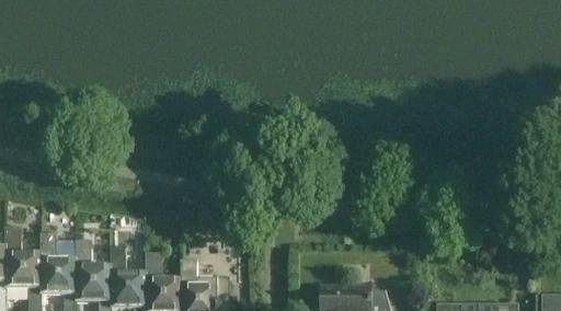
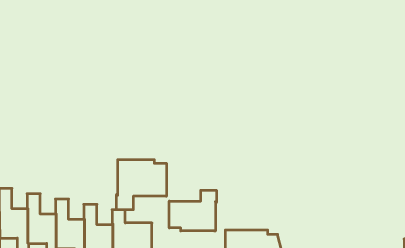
building: none -> [117,160,166,210]
building: none -> [169,190,216,231]

